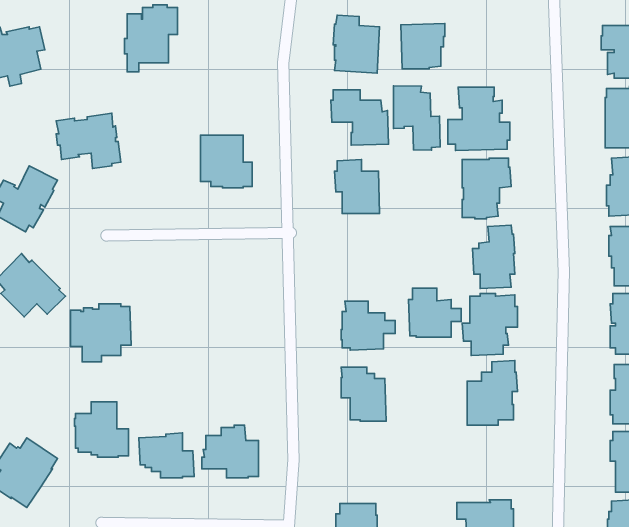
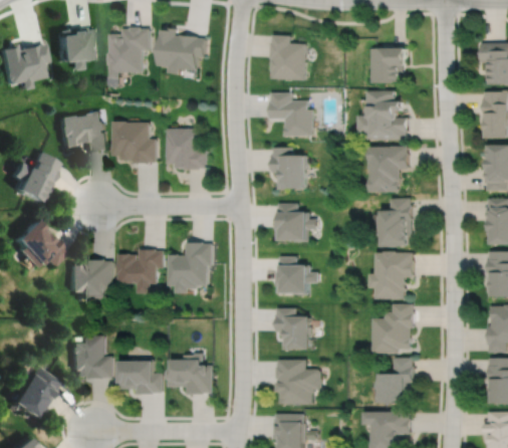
building: none -> [54,27,94,69]
building: none -> [159,27,206,73]
building: [401,24,445,69] -> [371,47,406,82]
building: [394,86,440,150] -> none
building: none -> [112,121,156,164]
building: none -> [170,242,213,293]
building: [409,288,461,337] -> [276,203,317,241]
building: none -> [117,249,164,294]
building: none -> [377,358,414,406]
building: none -> [277,361,322,405]

